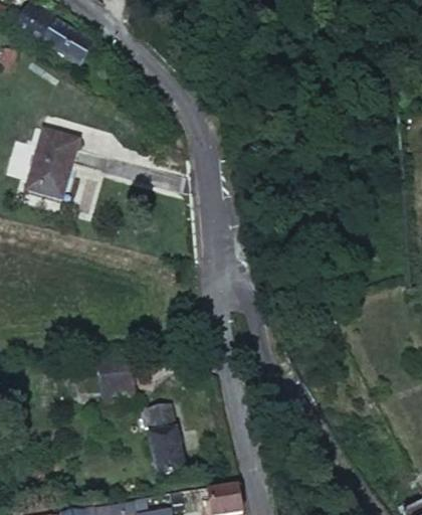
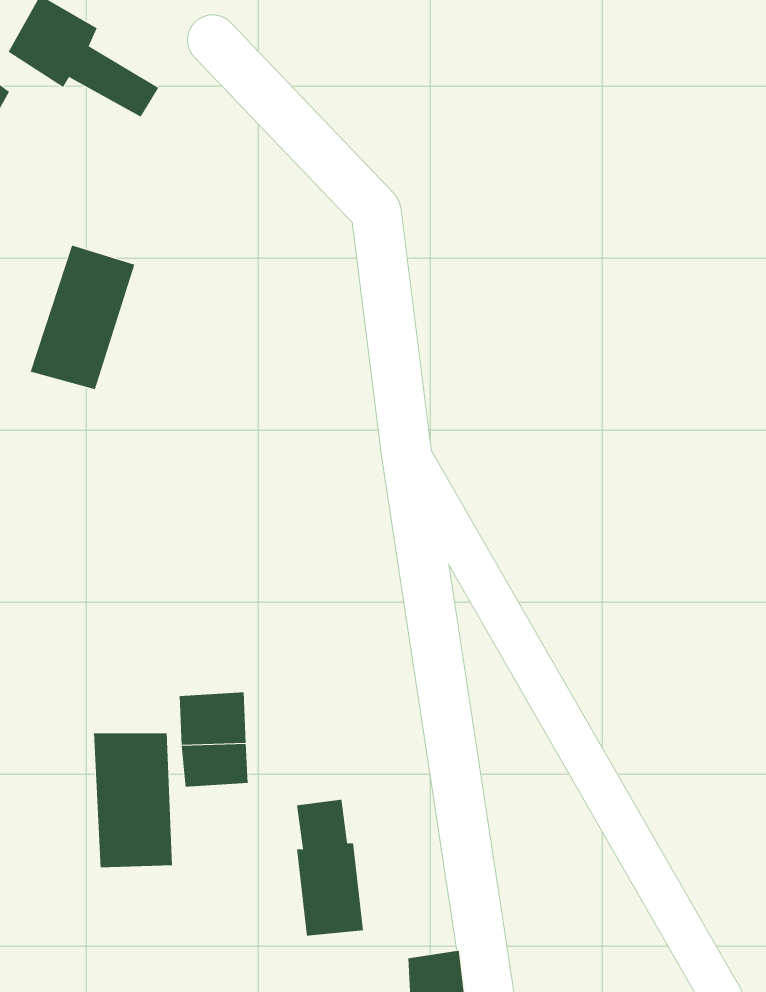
building: none -> [94,733,172,868]

